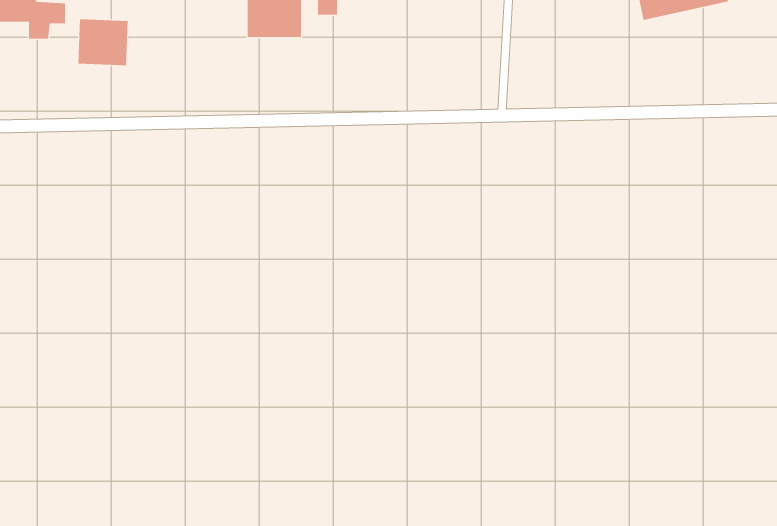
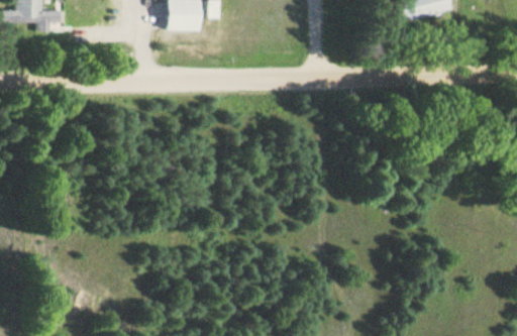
building: [78,19,128,66] -> none

